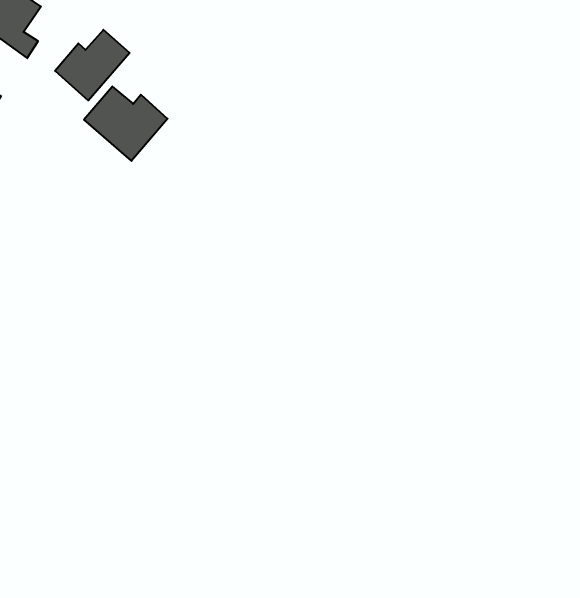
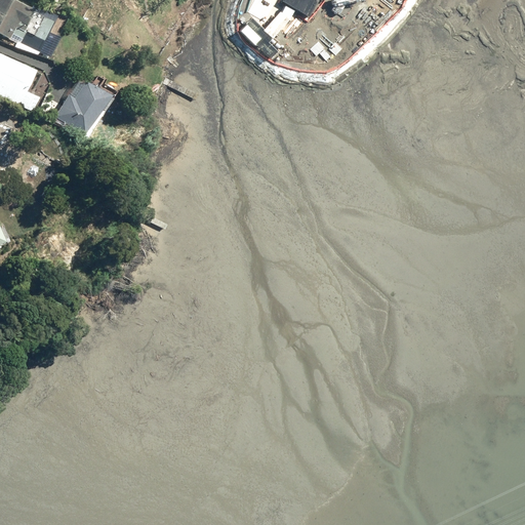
building: [84,86,168,161] -> none

